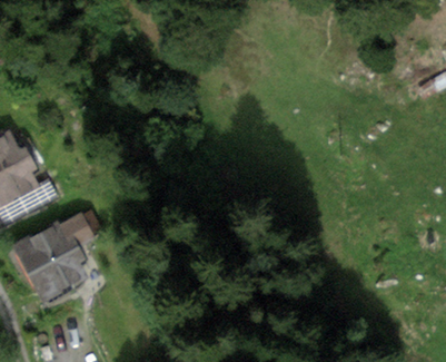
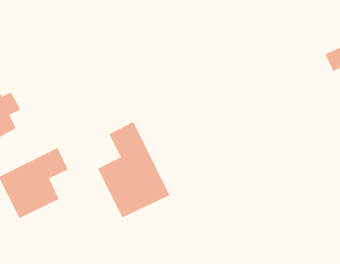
building: none -> [97,121,170,218]

